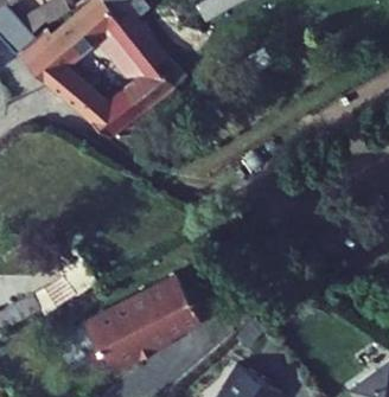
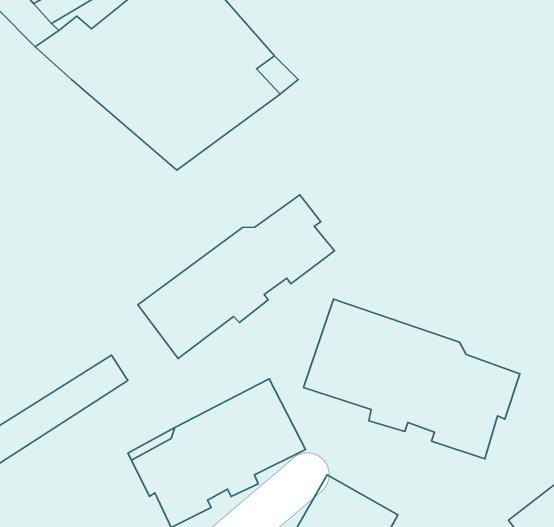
building: none -> [138,195,334,358]
building: none -> [304,299,520,459]

